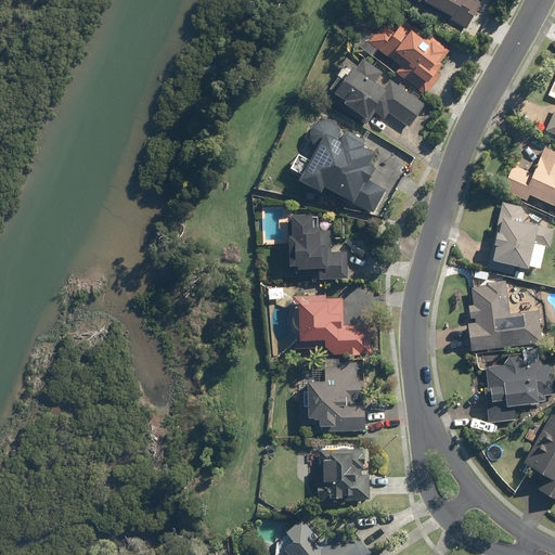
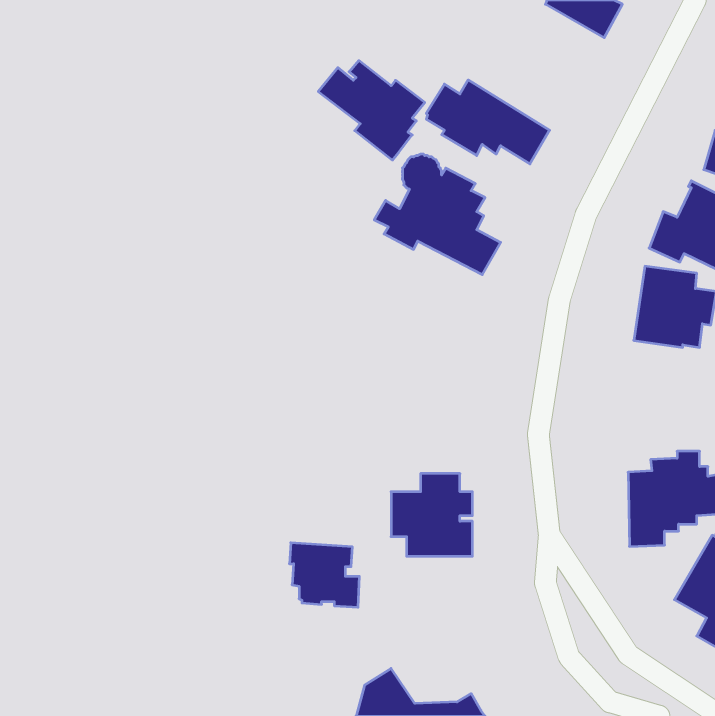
building: [369,18,451,95] -> [318,61,425,160]
building: [287,215,349,279] -> none
building: [467,281,542,350] -> none
building: [296,295,371,356] -> none
building: [318,449,372,499] -> [289,543,359,607]

